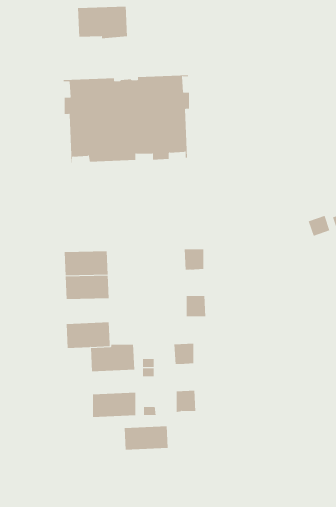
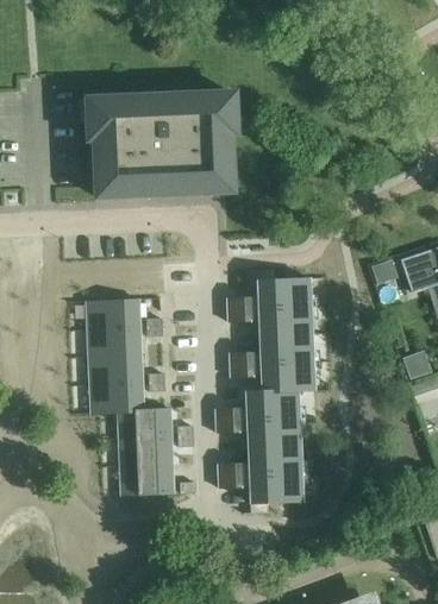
building: [77,6,127,39] -> none
building: none -> [245,268,313,512]
building: none -> [89,354,140,384]
building: [124,426,169,450] -> [119,438,171,466]

